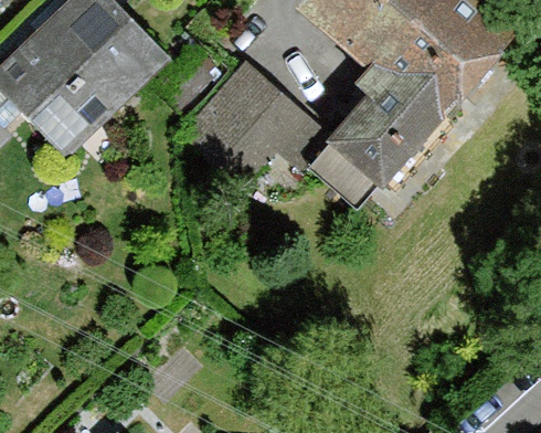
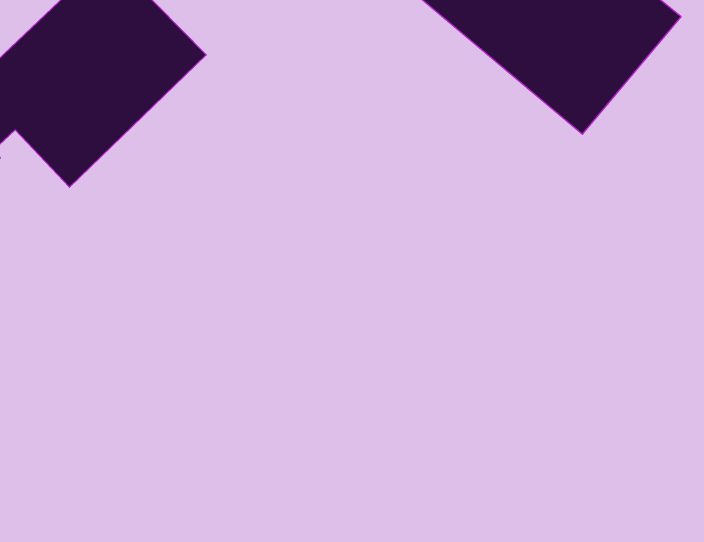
building: [329,55,445,189] -> none
building: [178,60,299,182] -> none

